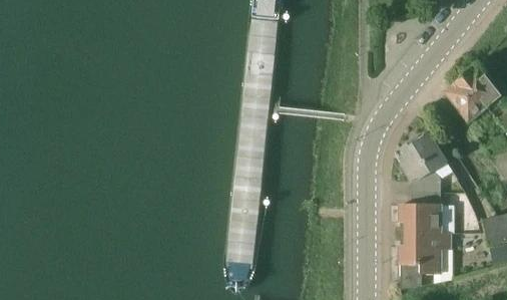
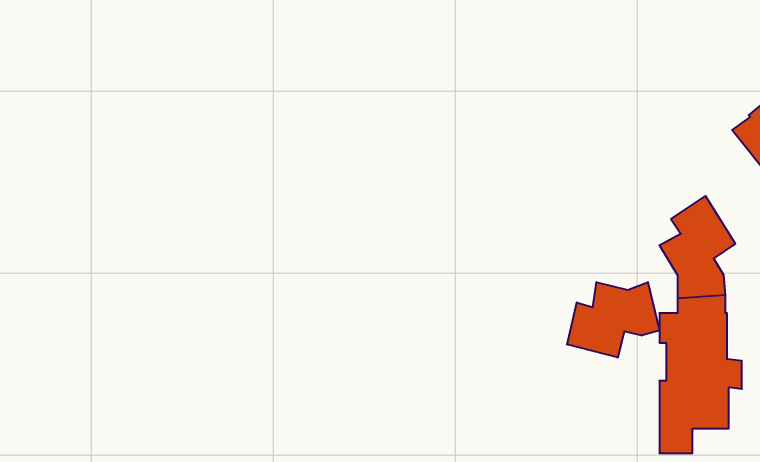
building: none -> [567,282,659,358]

